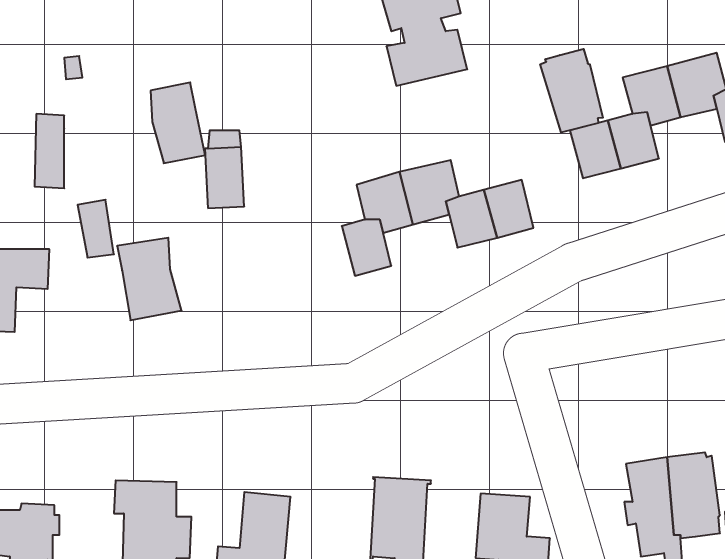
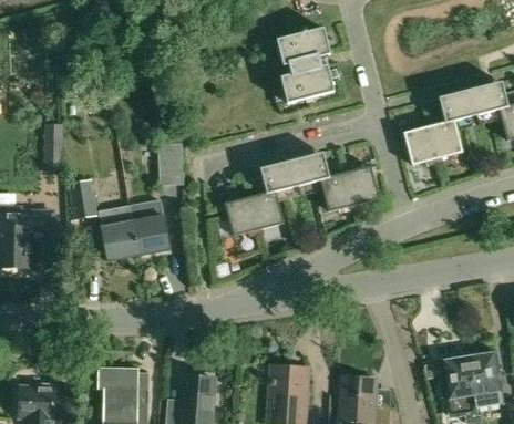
building: [540,49,603,132] -> none
building: [151,82,205,163] -> [133,198,169,252]
building: none -> [224,196,258,235]

